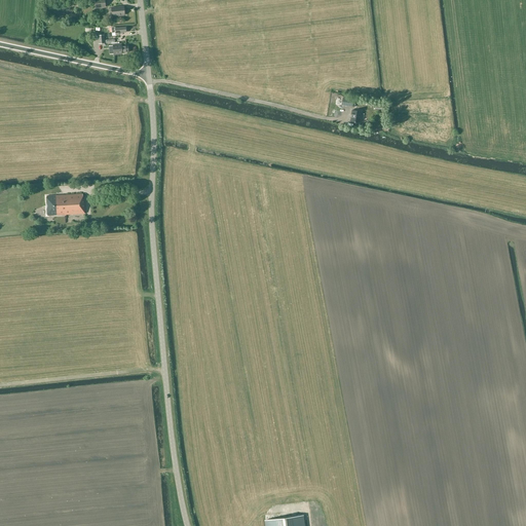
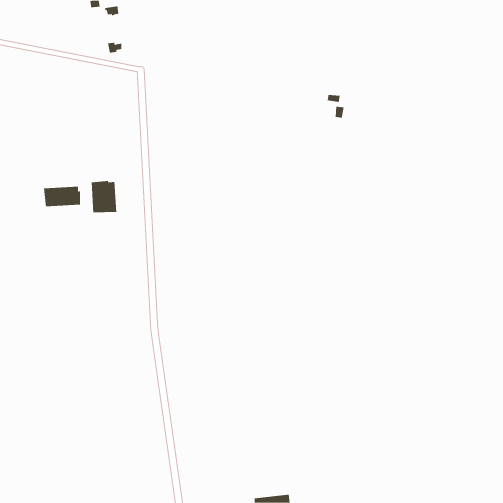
building: none -> [91,180,117,213]

